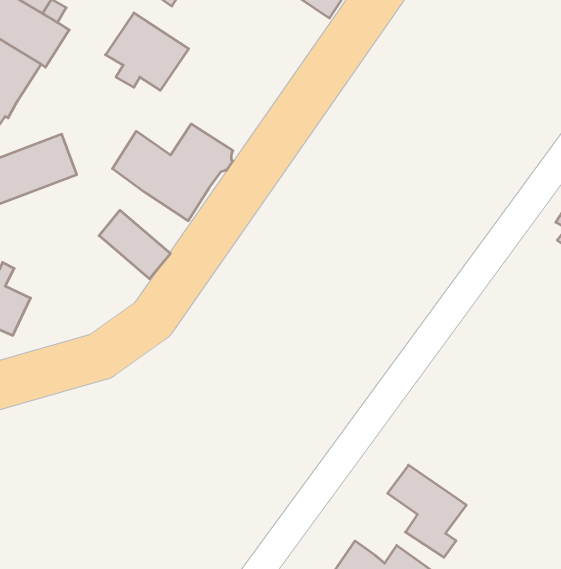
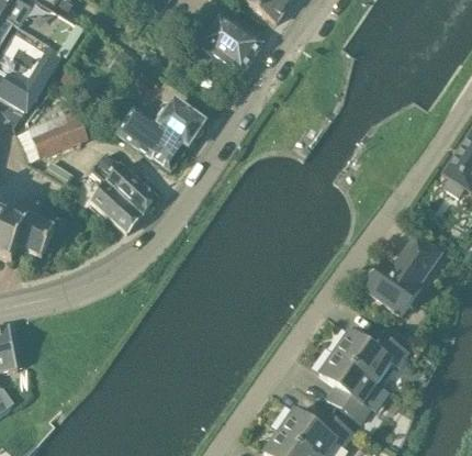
building: [105,13,189,90] -> [201,14,262,71]
building: none -> [90,181,143,231]
building: none -> [364,233,440,311]
building: none -> [334,329,407,380]

